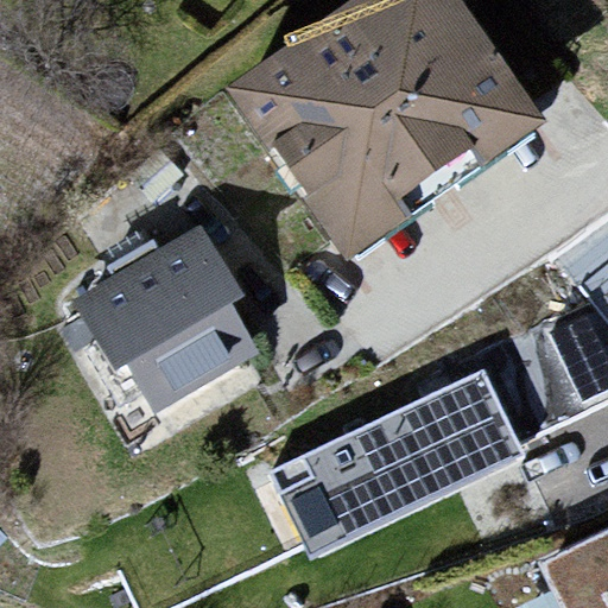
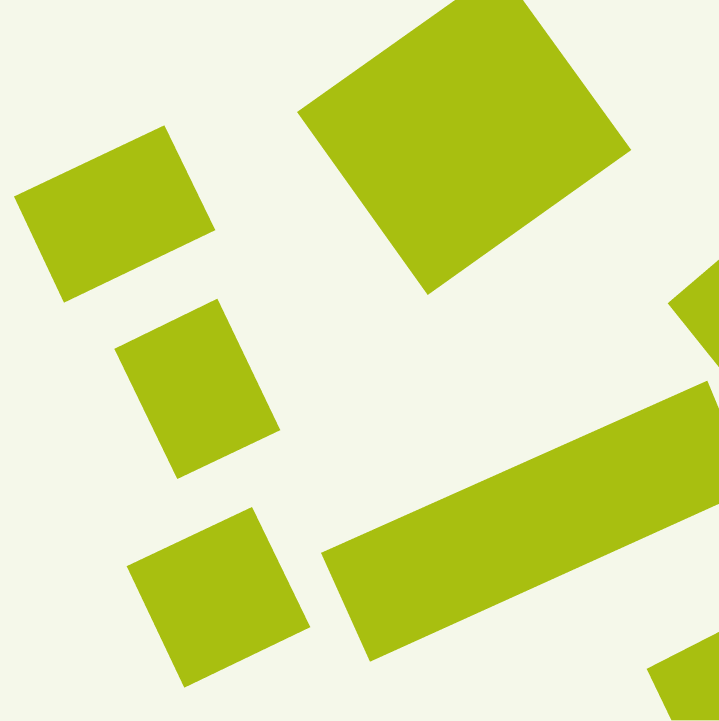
building: none -> [13,124,216,304]
building: none -> [126,506,311,689]

